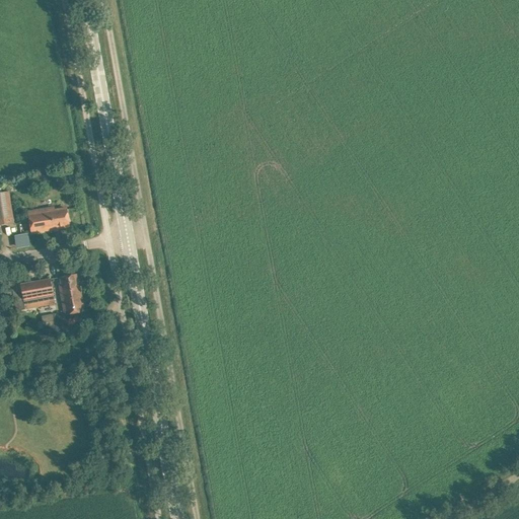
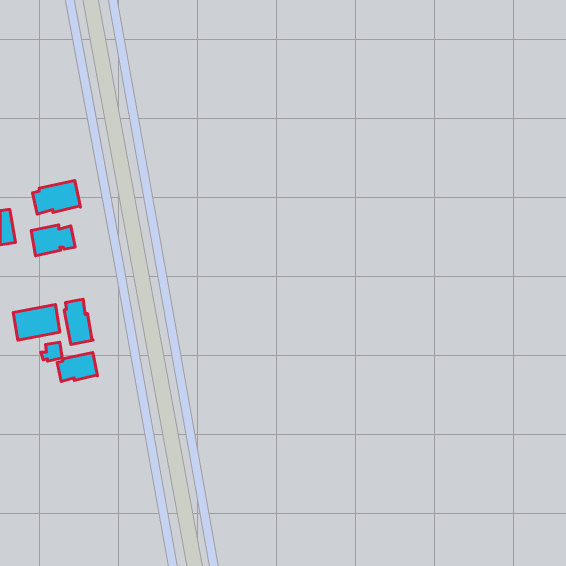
building: none -> [32,180,80,214]
building: none -> [57,352,98,381]

